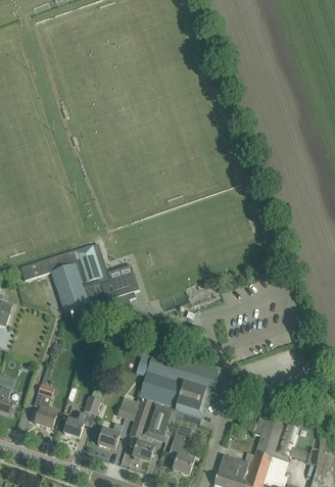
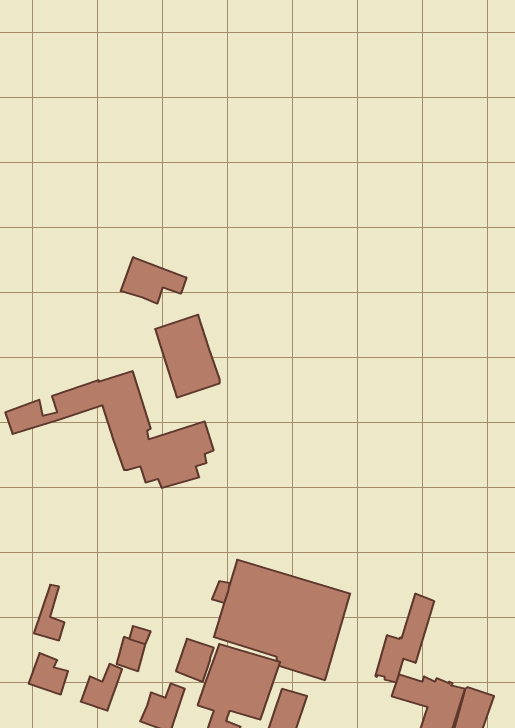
building: none -> [121,257,186,304]
building: [51,263,88,310] -> [155,315,220,397]
building: none -> [375,594,434,683]

